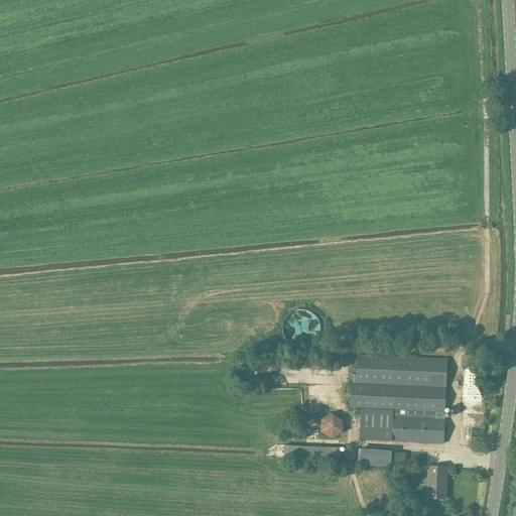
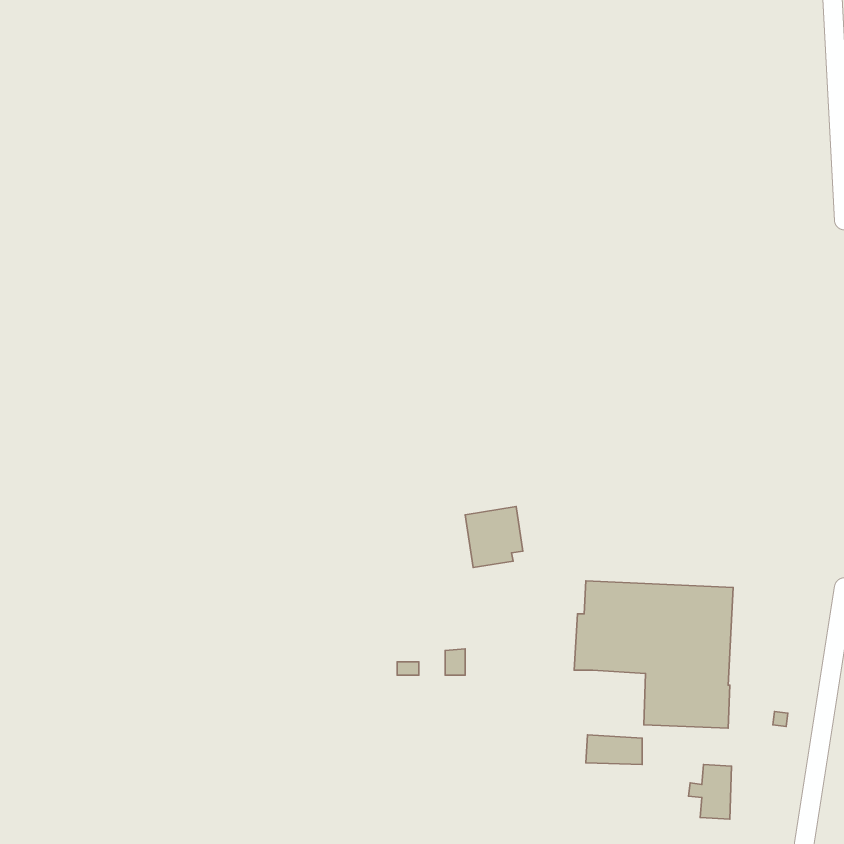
building: [360,408,393,441] -> none
building: [316,410,344,439] -> none

